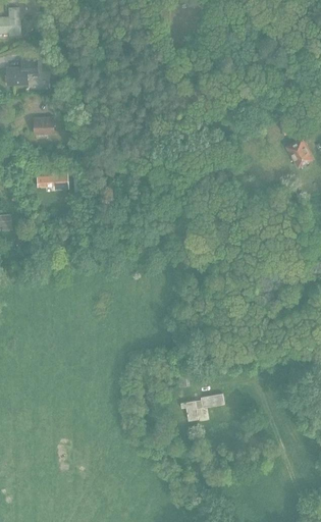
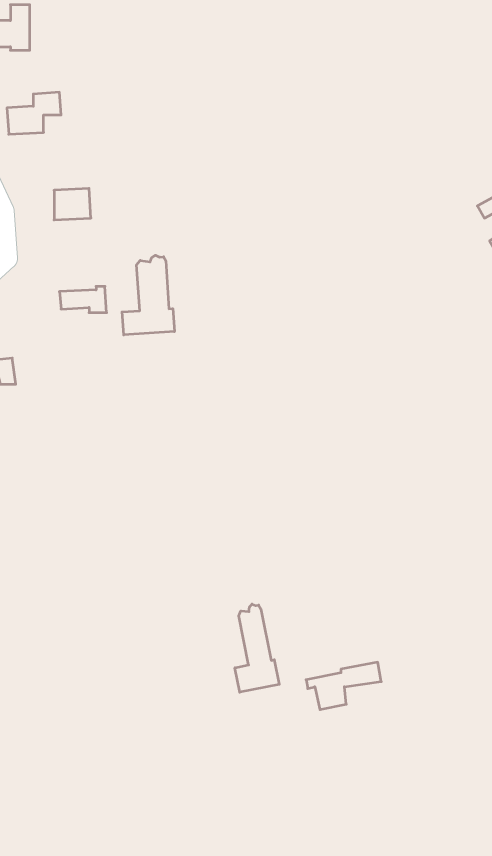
building: none -> [122,255,174,335]
building: none -> [235,604,279,692]

